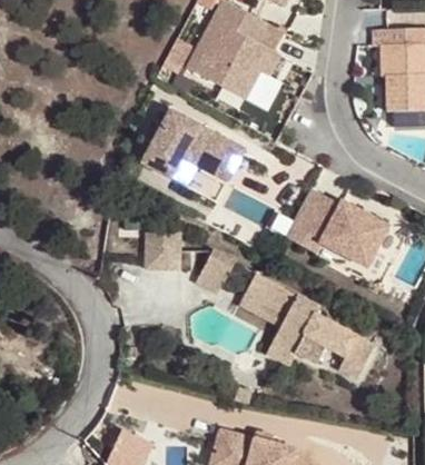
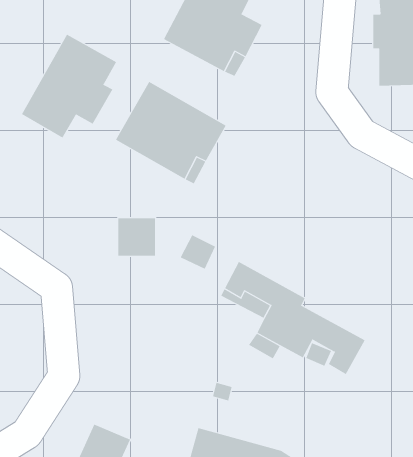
building: none -> [21,34,117,139]
building: [285,188,389,268] -> none

